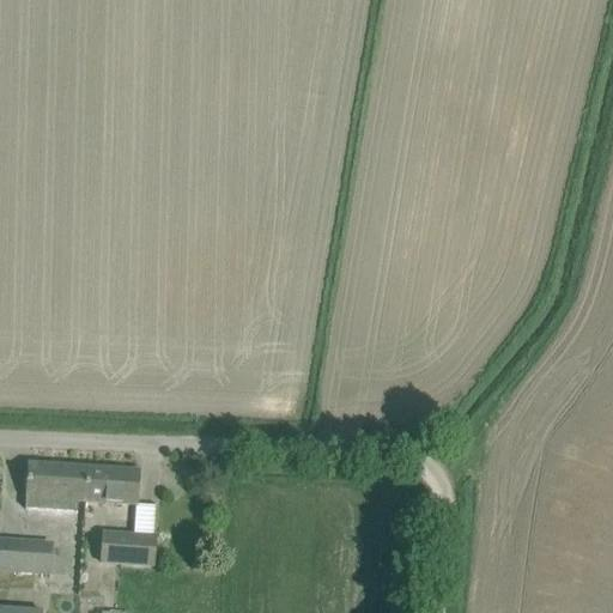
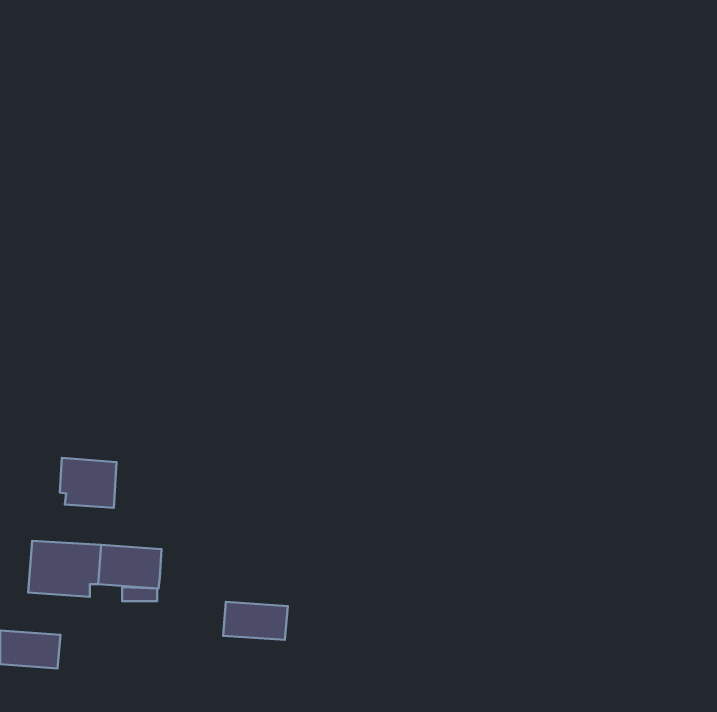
building: none -> [60,458,116,508]
building: [99,530,154,563] -> [223,602,288,640]

